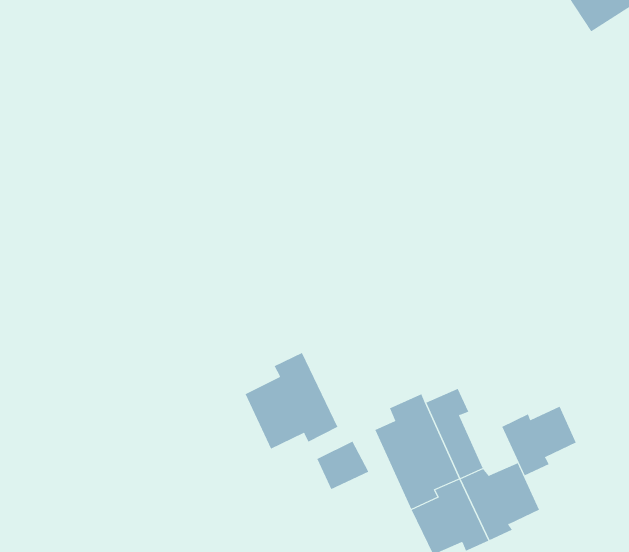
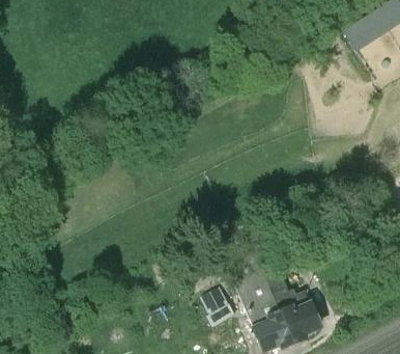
building: [245,352,338,449] -> none
building: [501,406,576,476] -> none

